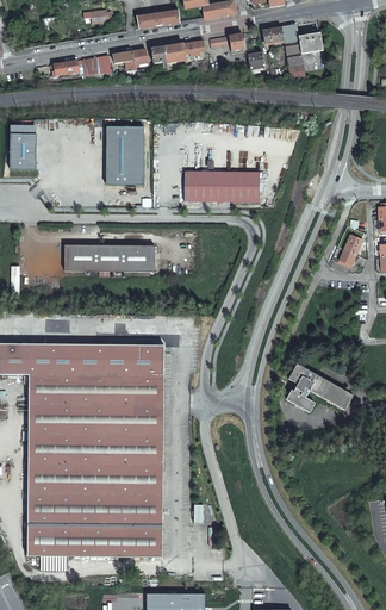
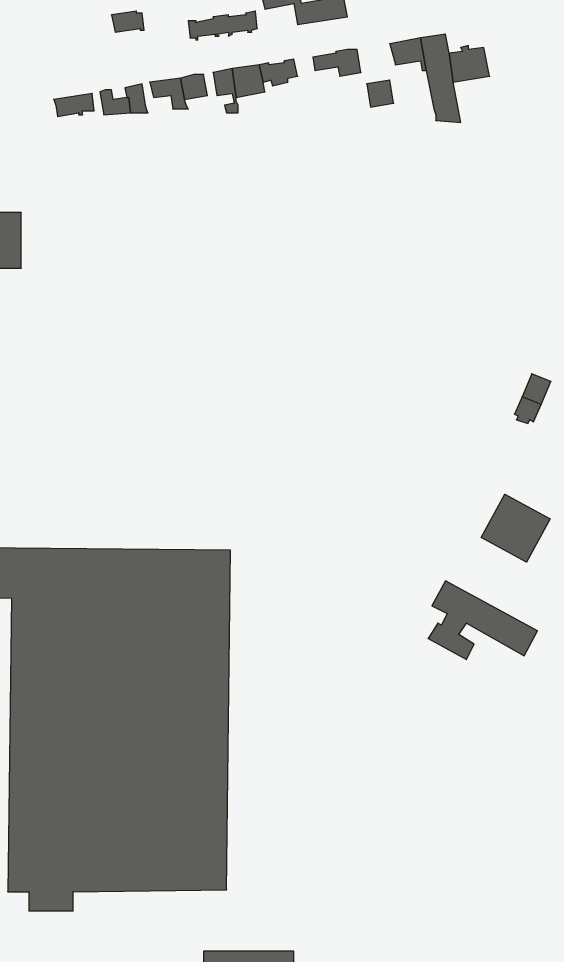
building: [106,126,143,183] -> none
building: [183,170,259,200] -> none
building: [64,244,155,270] -> none
building: none -> [481,494,550,562]

